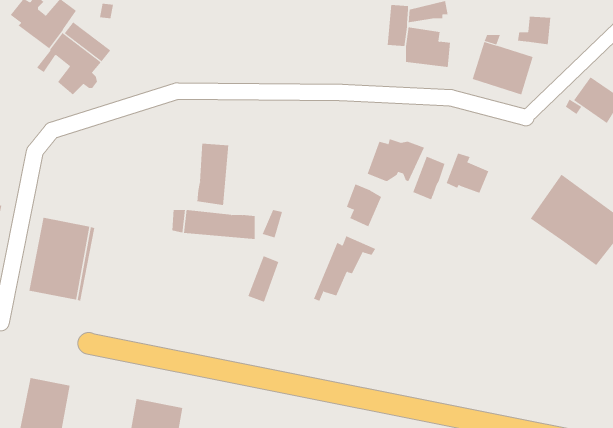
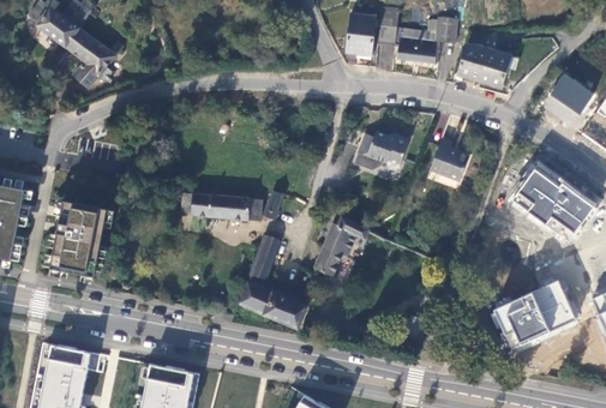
building: none -> [342,12,376,61]
building: [517,16,551,45] -> [425,17,456,43]
building: [197,143,229,206] -> none
building: [412,156,445,200] -> none
building: [346,184,382,227] -> none
building: none -> [238,281,306,326]
building: none -> [493,283,576,354]

